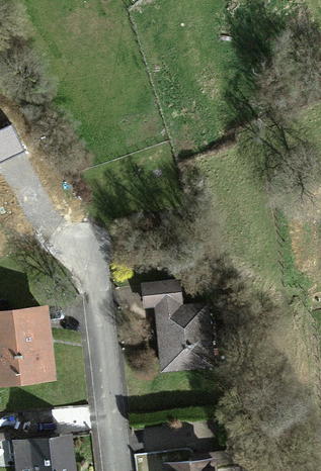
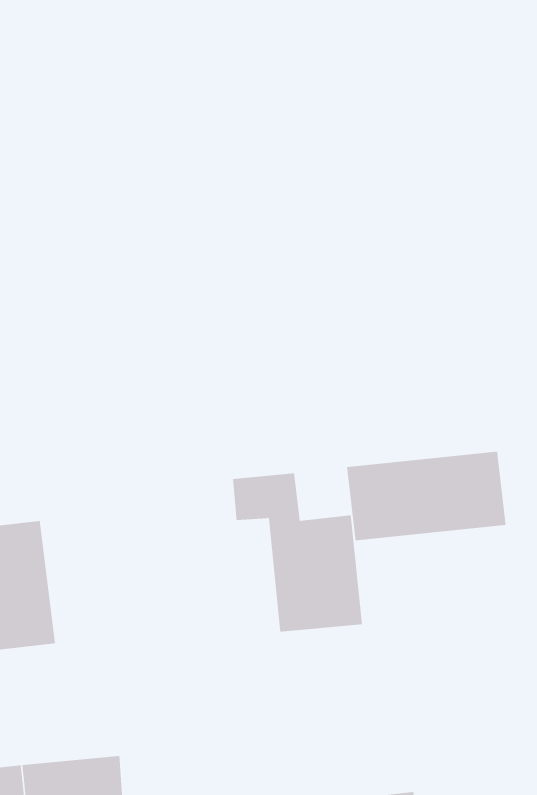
building: none -> [346,451,506,541]

